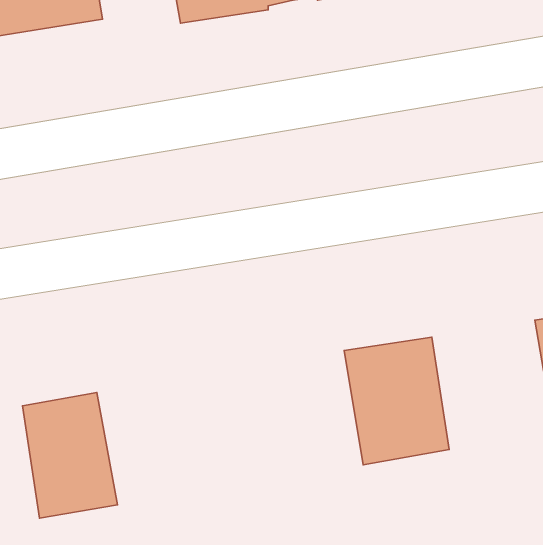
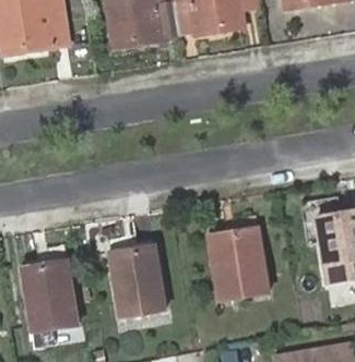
building: none -> [108,246,165,317]

